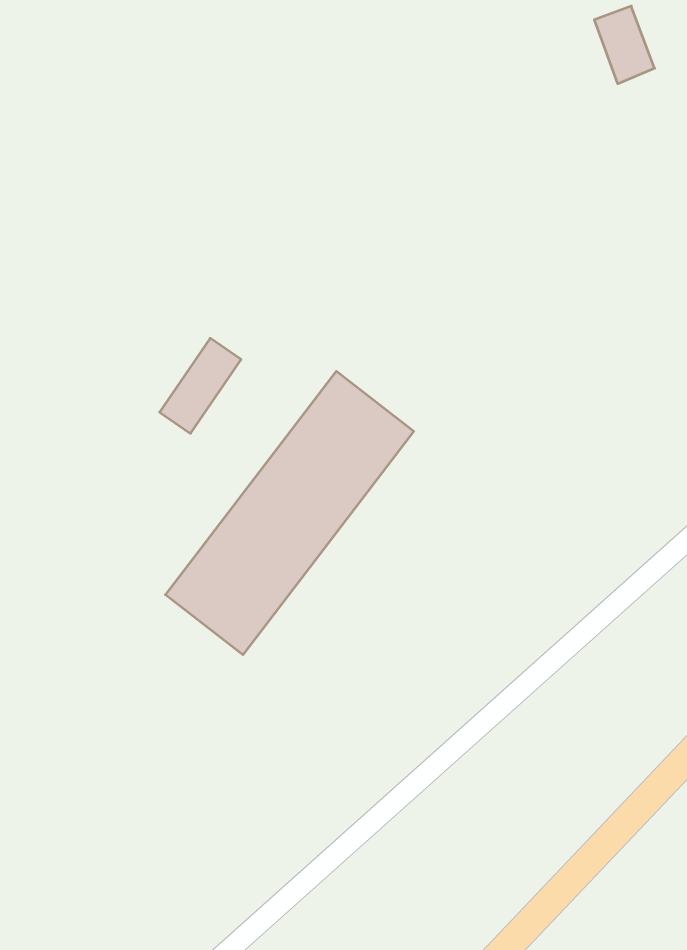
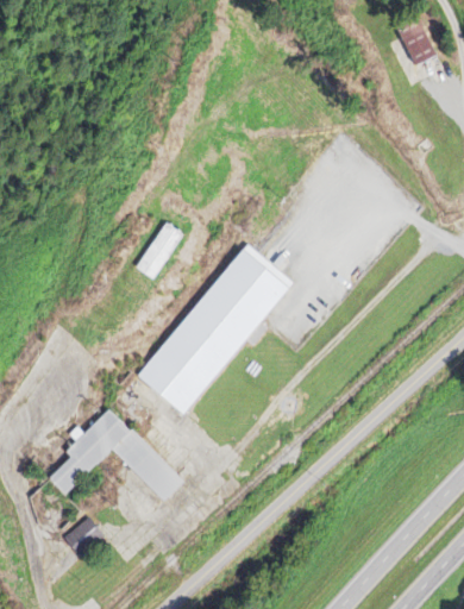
building: none -> [46,407,182,501]
building: none -> [64,516,106,557]

